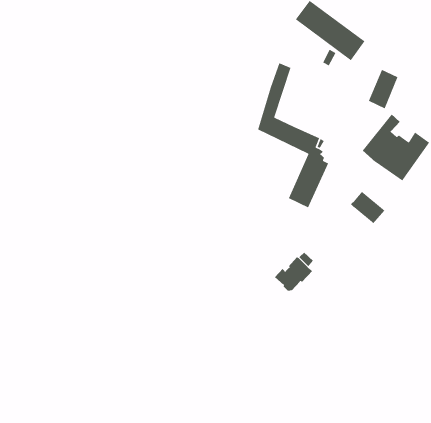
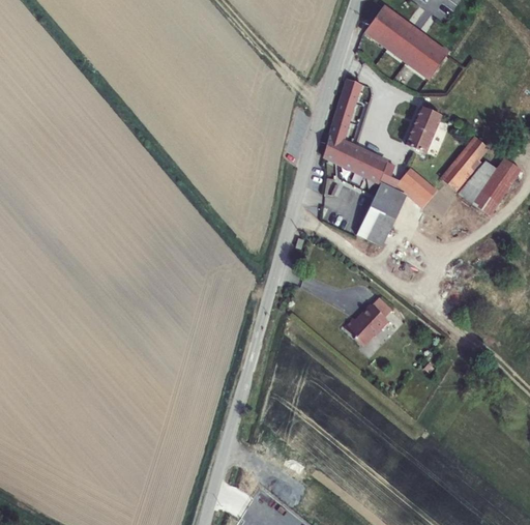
building: [368,69,399,109] -> [406,106,441,152]
building: [350,191,385,224] -> [396,168,437,206]

